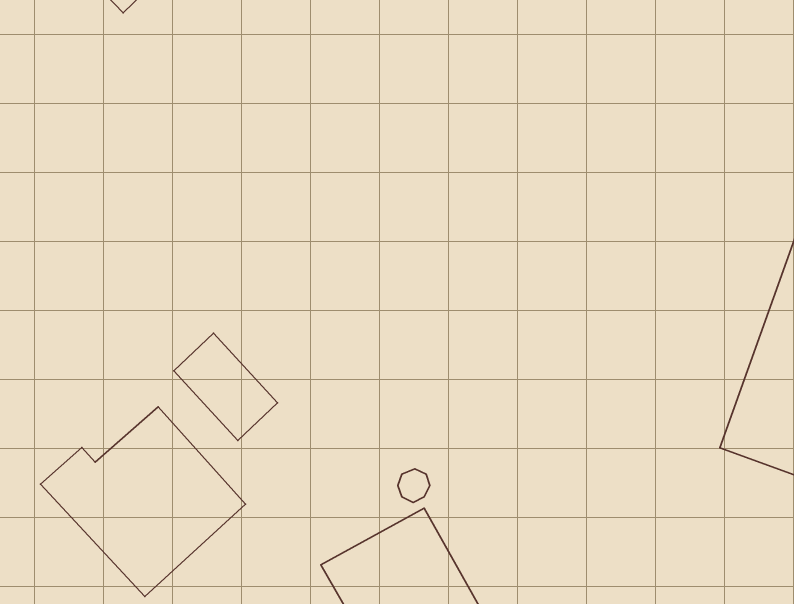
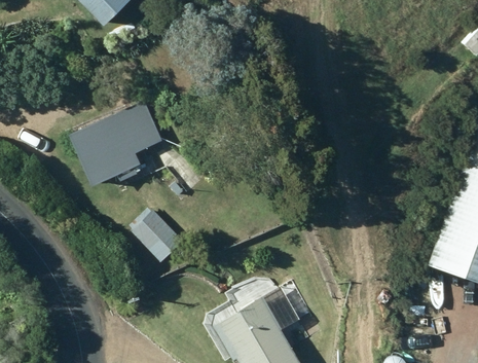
building: none -> [67,100,163,186]
building: [40,407,245,596] -> none

